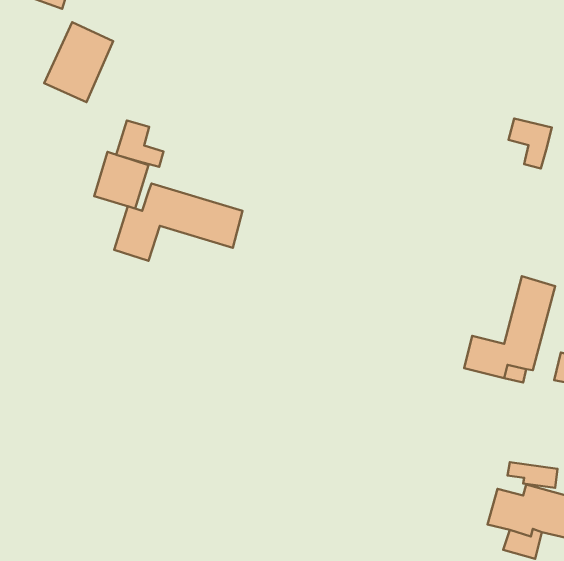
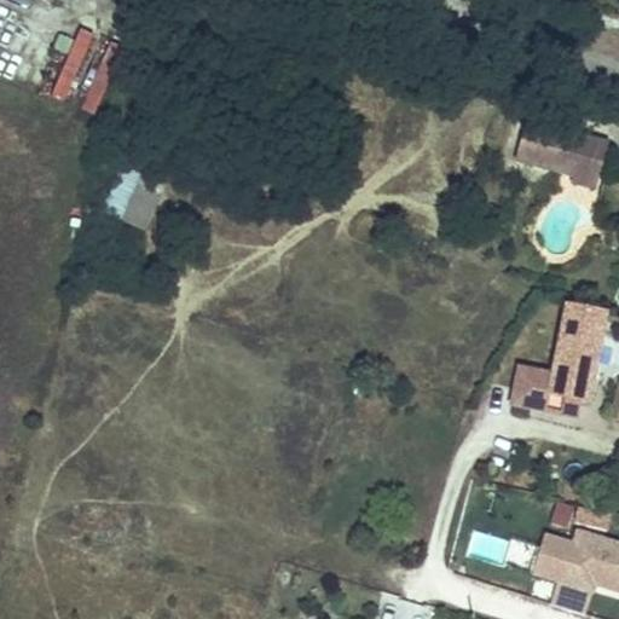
building: none -> [515,118,579,174]
building: [116,121,164,167] -> none
building: [114,183,243,261] -> none

